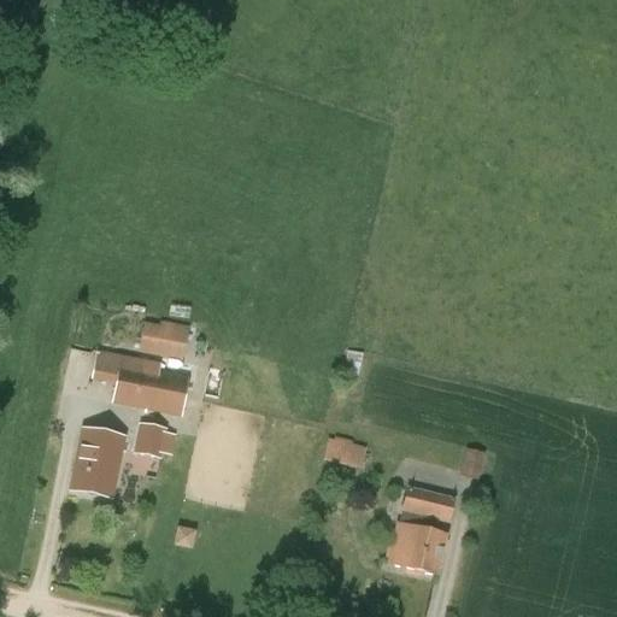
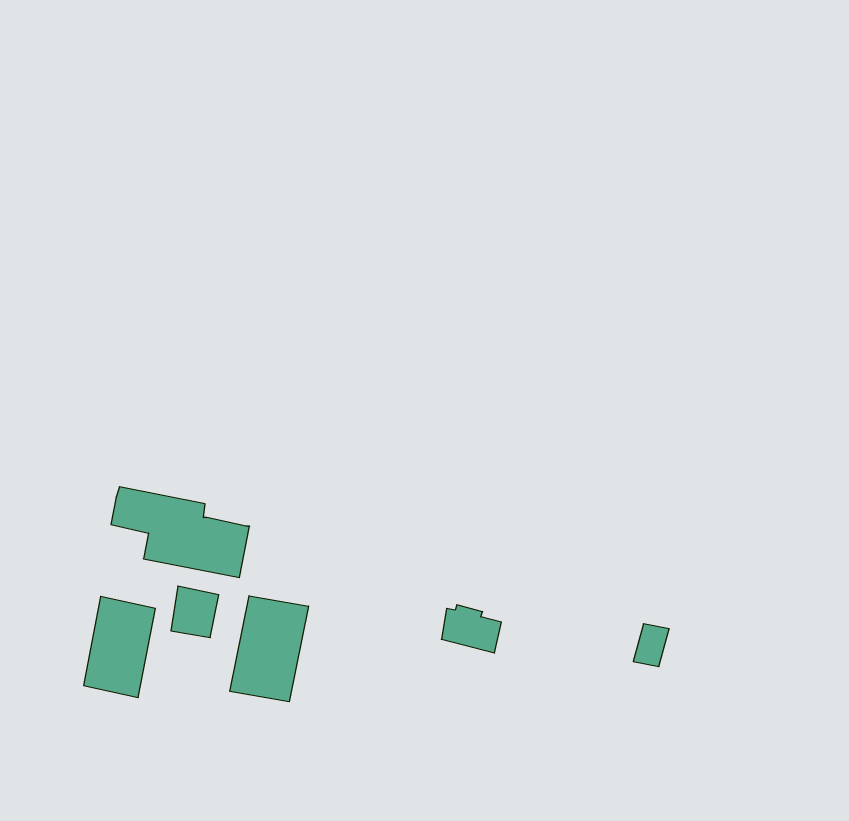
building: [137,321,188,362] -> none
building: none -> [230,596,308,702]
building: [390,483,456,574] -> none

